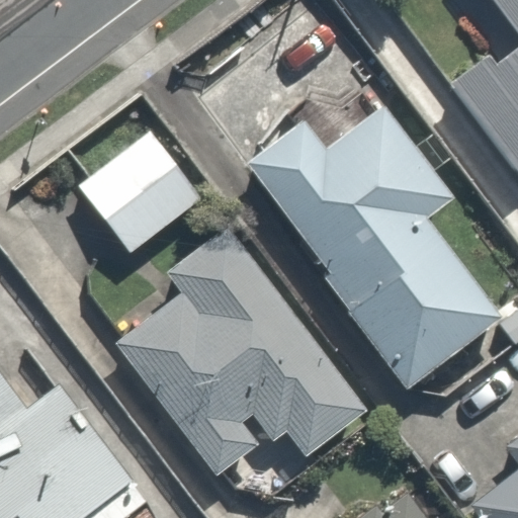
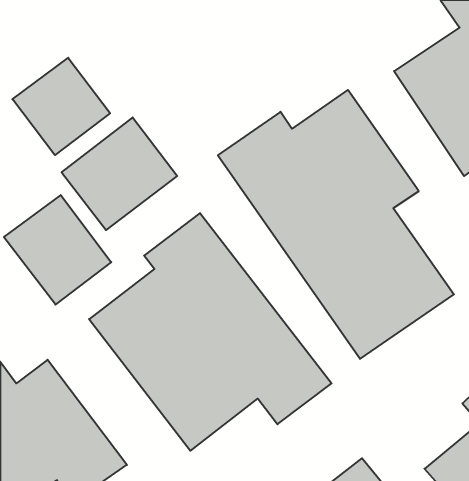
building: none -> [12,58,110,155]
building: none -> [4,195,111,305]

